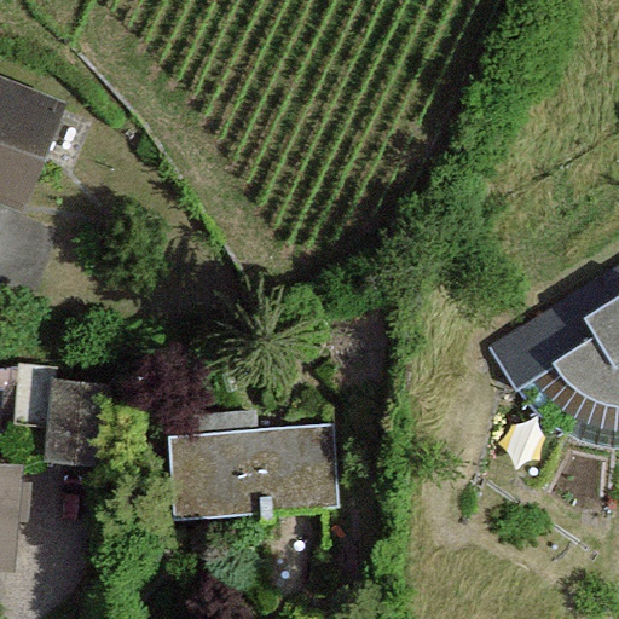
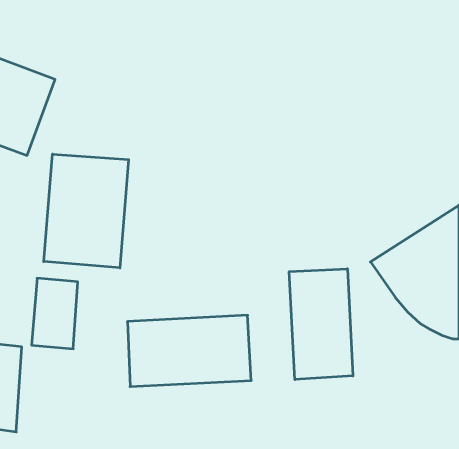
building: none -> [44,154,129,268]
building: none -> [289,269,353,380]

